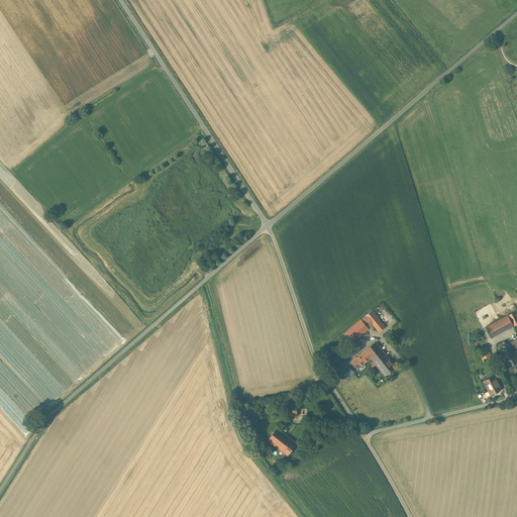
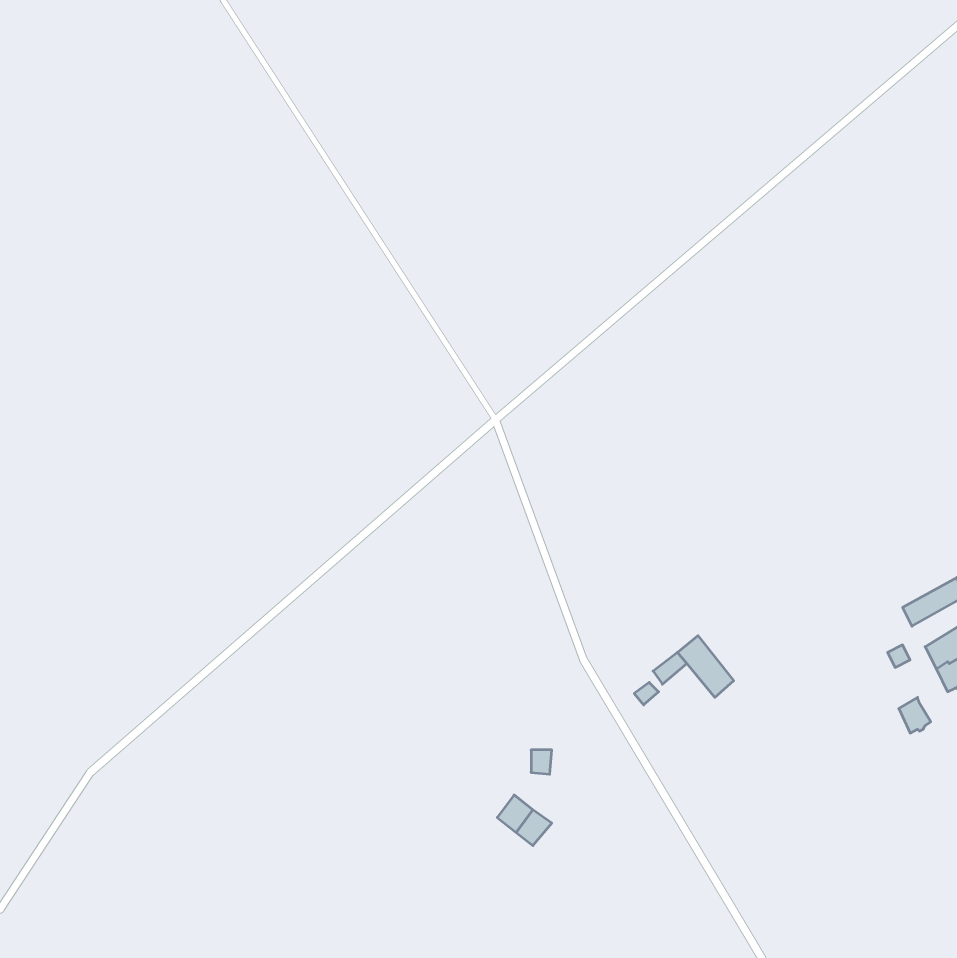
building: [344,310,387,343] -> none

